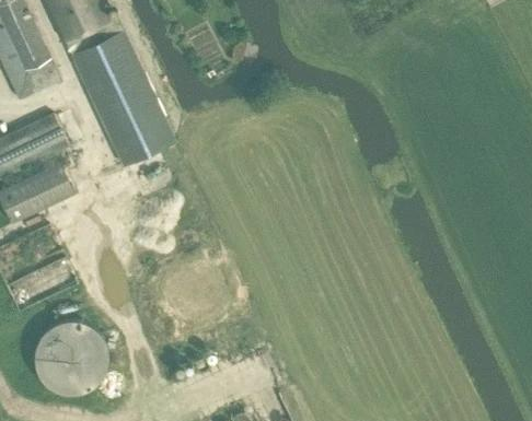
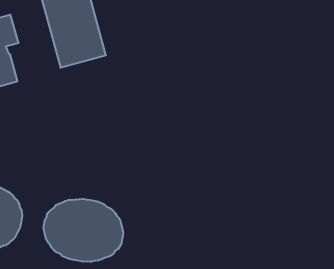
building: none -> [43,199,123,262]

